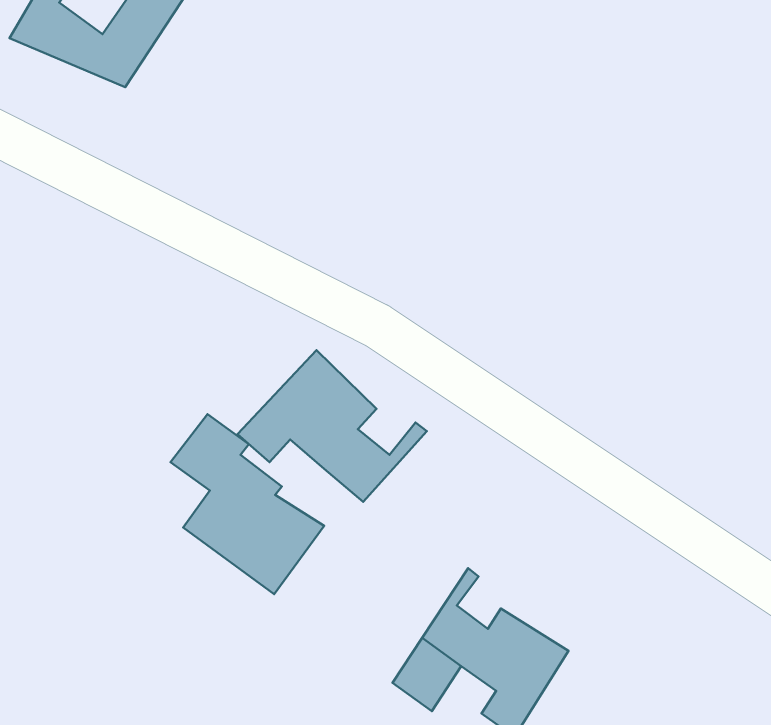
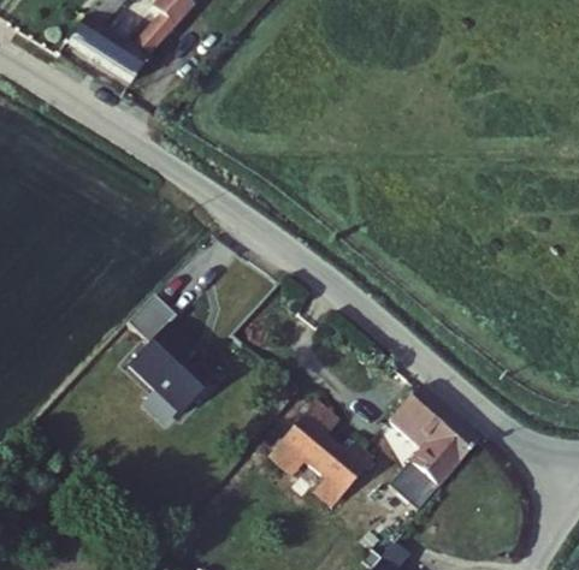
building: [237,350,427,502] -> none
building: none -> [368,392,462,499]

